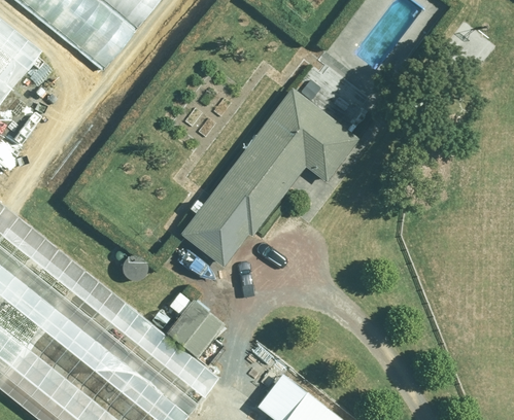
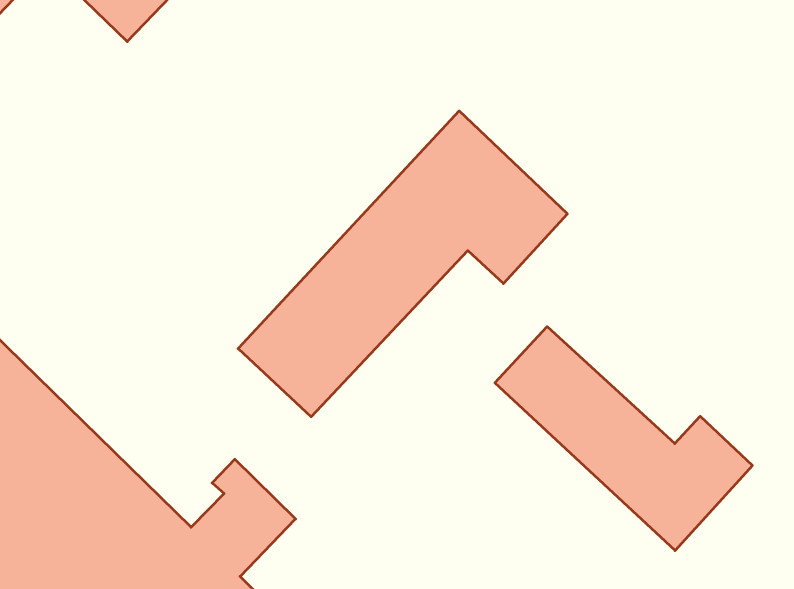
building: none -> [495,327,752,551]

